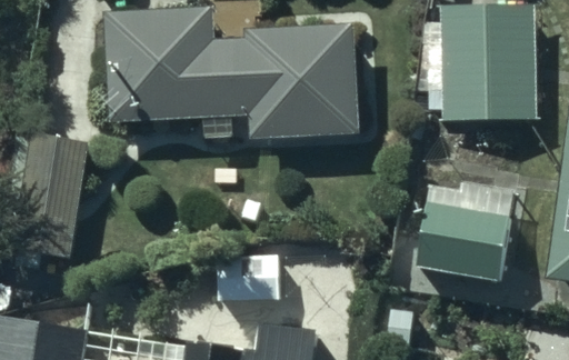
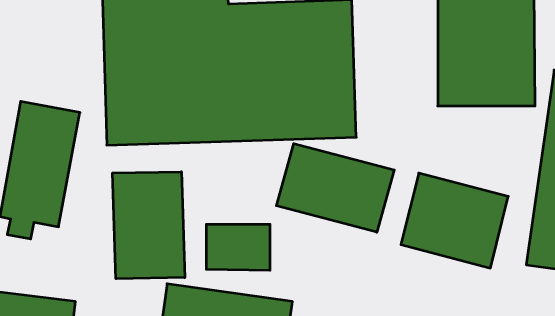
building: none -> [276,144,394,232]
building: none -> [113,172,185,279]

